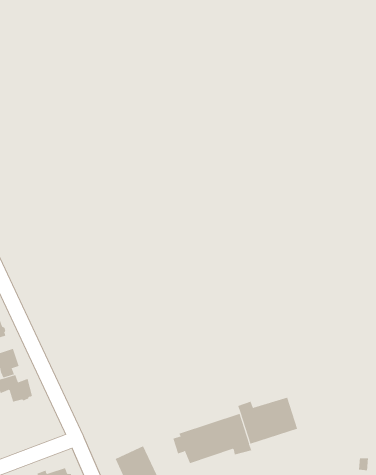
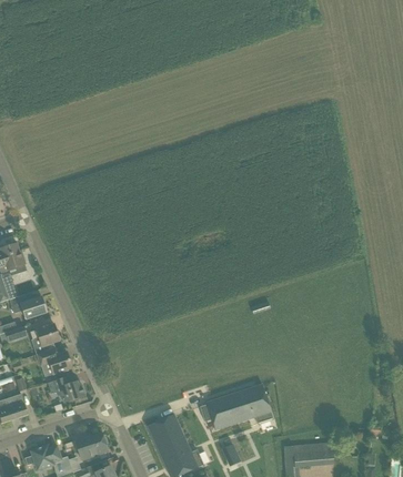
building: [237,397,298,445] -> none
building: none -> [48,375,84,402]

